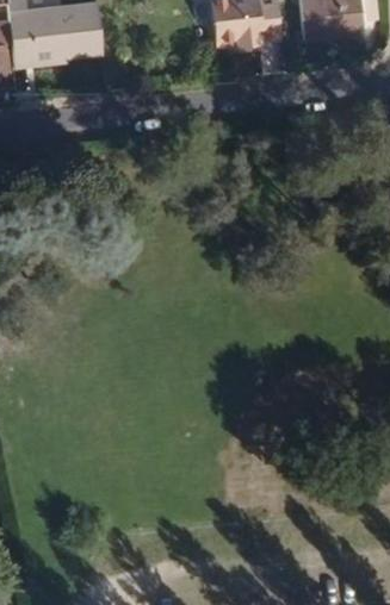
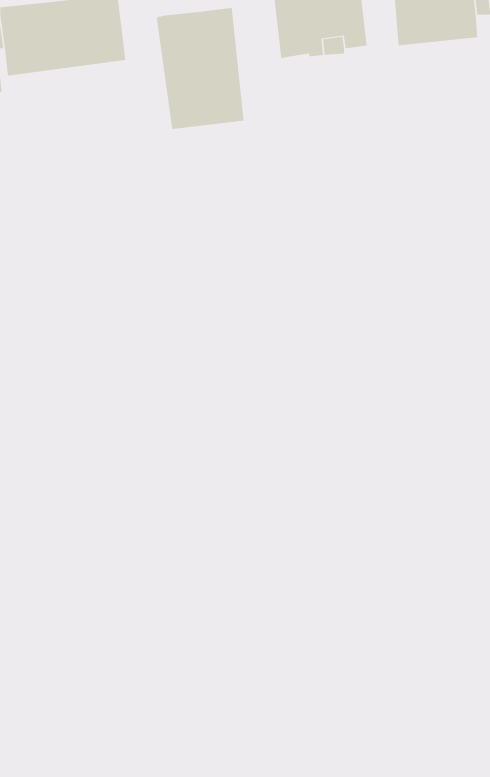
building: none -> [156,7,244,130]

